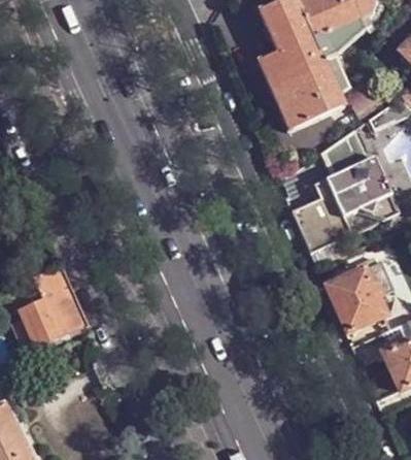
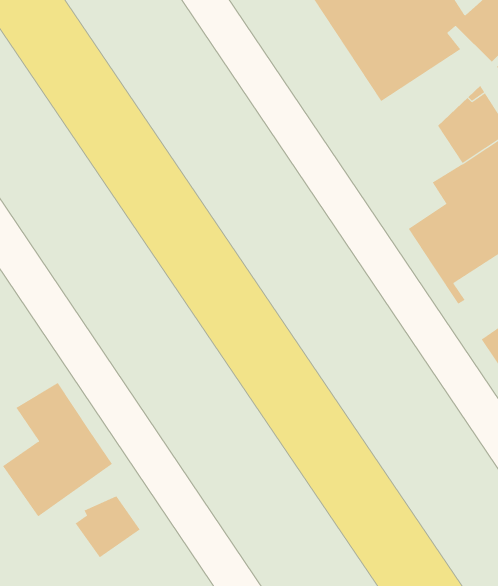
building: none -> [75,496,141,558]

